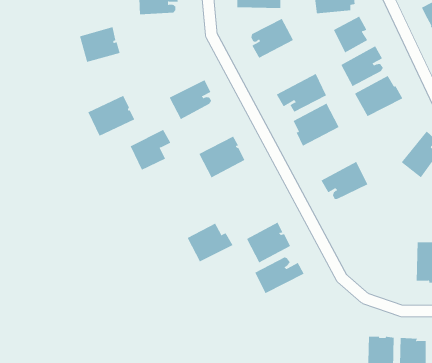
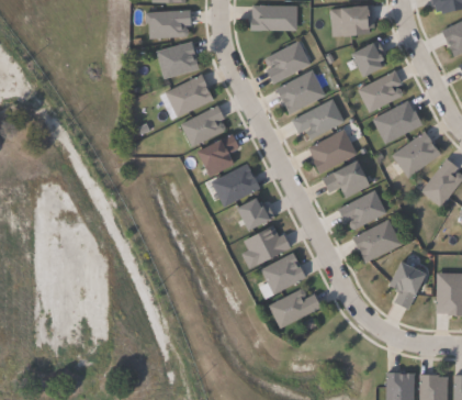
building: [79,27,120,63] -> [157,41,200,78]
building: none -> [277,69,326,113]
building: [88,95,135,137] -> [165,74,214,116]
building: none -> [393,130,442,177]
building: [130,129,171,170] -> [198,133,240,176]
building: none -> [323,160,370,198]
building: none -> [236,198,275,232]
building: none -> [353,219,402,263]
building: [187,223,233,262] -> [244,224,292,265]
building: none -> [388,262,428,310]

